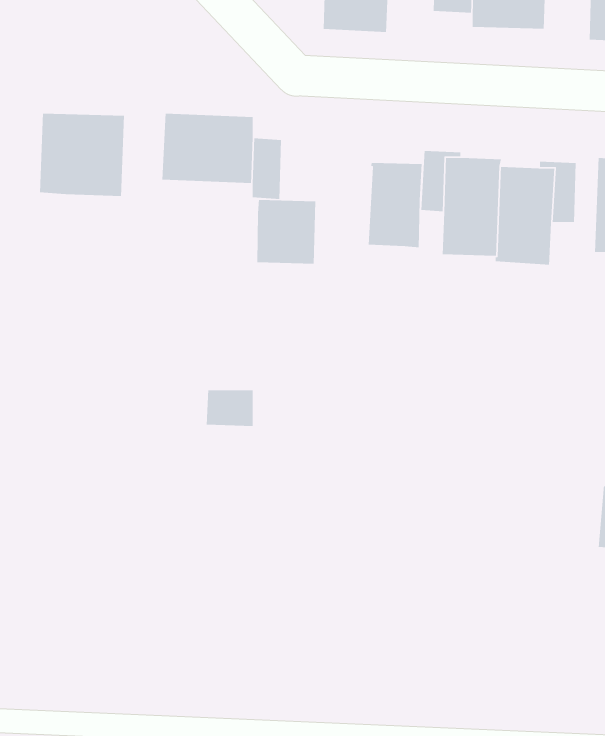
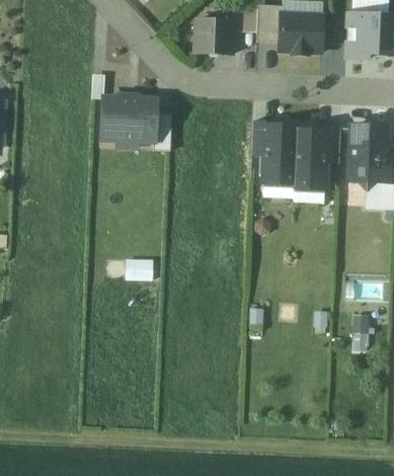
building: [39,113,125,197] -> none
building: [368,162,422,248] -> none
building: [256,199,316,264] -> none

